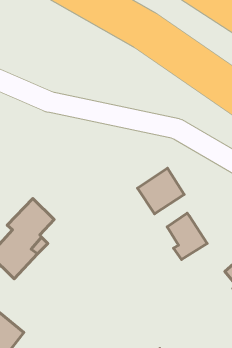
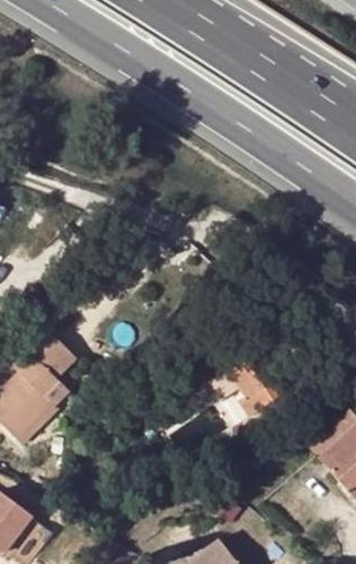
building: [138,168,184,214] -> none

